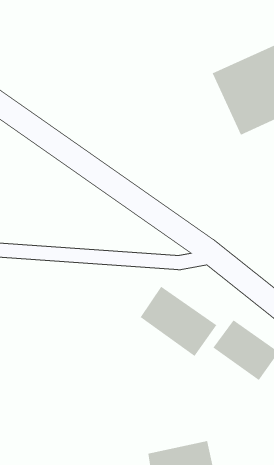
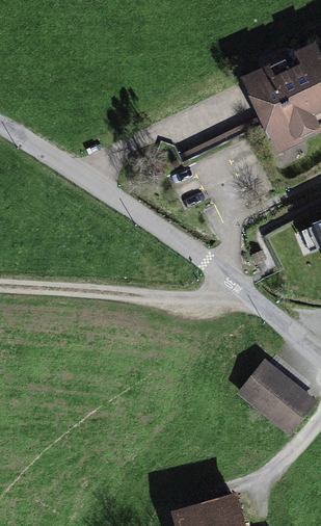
building: [140,286,217,357] -> none

